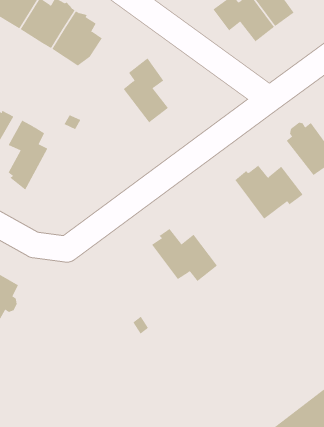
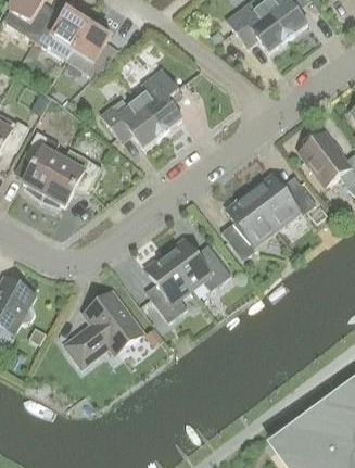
building: none -> [100,99,162,148]
building: none -> [39,157,101,205]
building: none -> [219,189,276,260]
building: none -> [143,253,190,321]
building: none -> [64,291,142,366]

